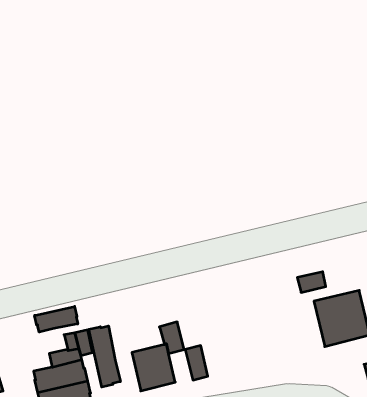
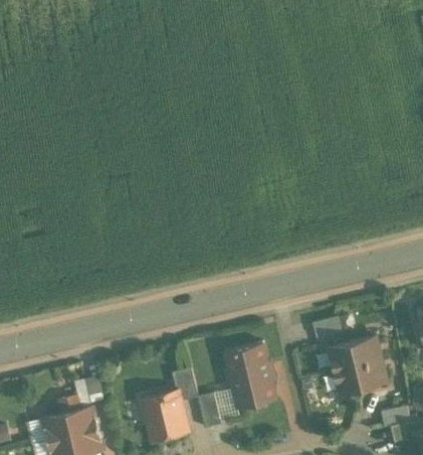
building: none -> [224,342,277,409]
building: [35,306,78,332] -> none
building: [89,326,120,387] -> none

